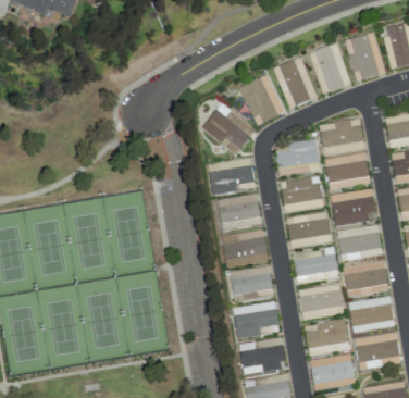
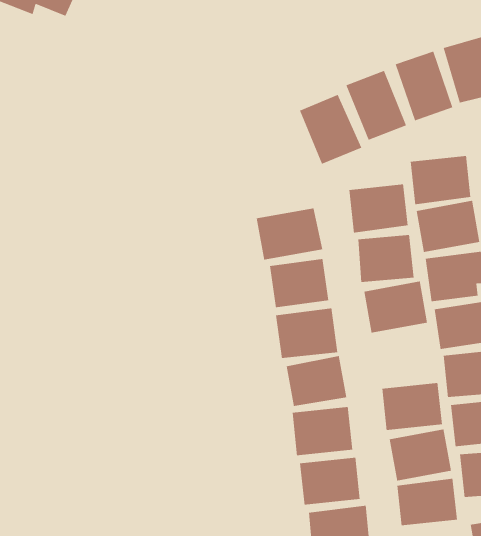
building: [201,103,256,154] -> none
building: [294,247,338,283] -> none

